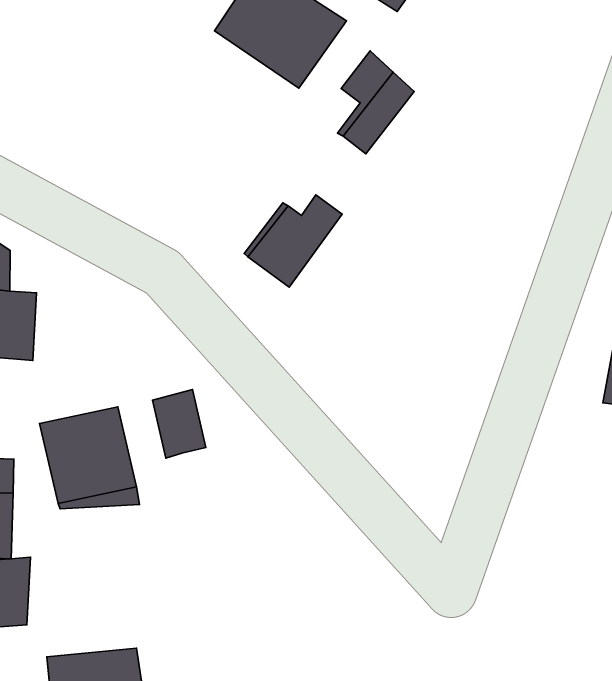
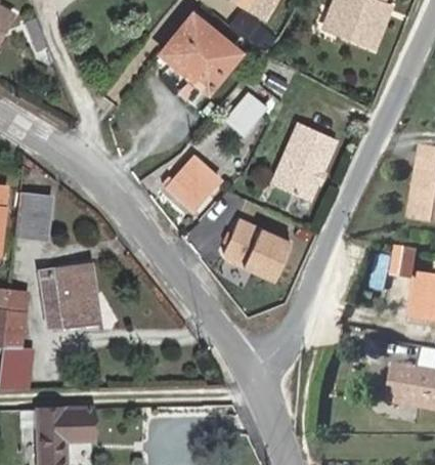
building: none -> [271,123,339,202]
building: none -> [225,221,292,282]
building: [152,390,206,458] -> none

